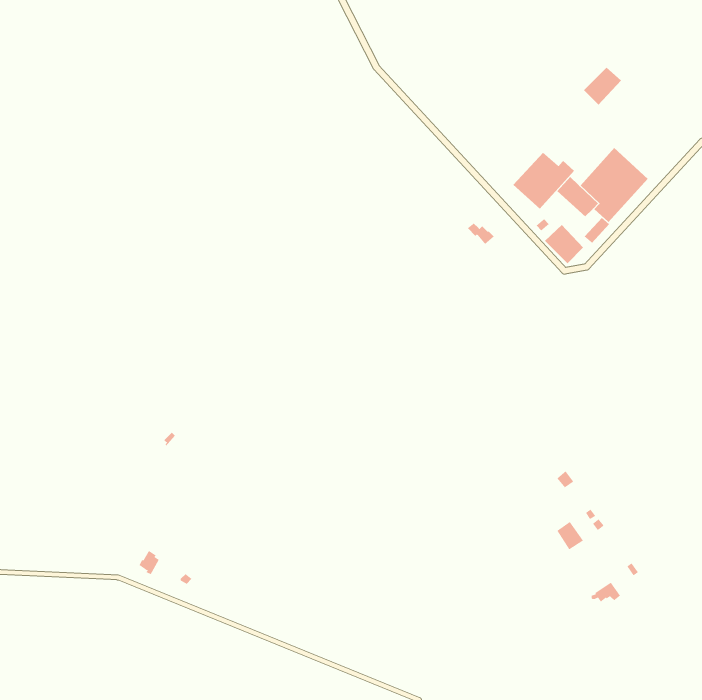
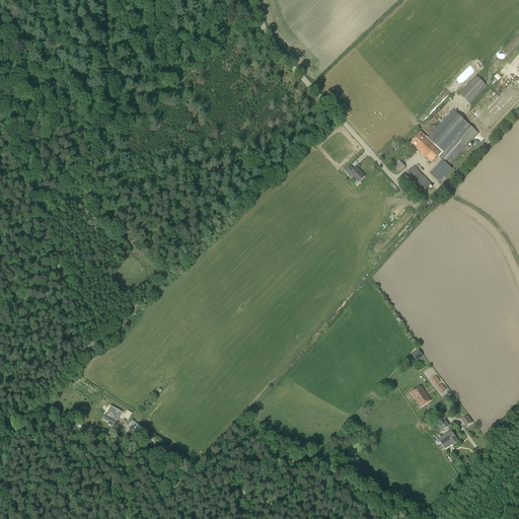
building: [583,67,622,105] -> [459,74,488,102]
building: [513,152,575,209] -> none

